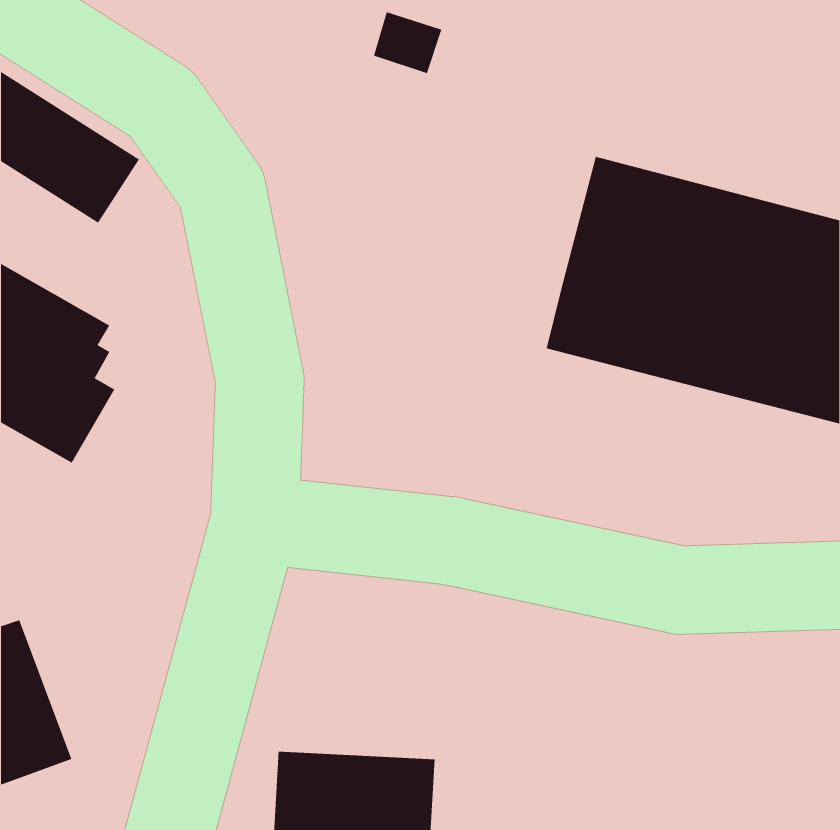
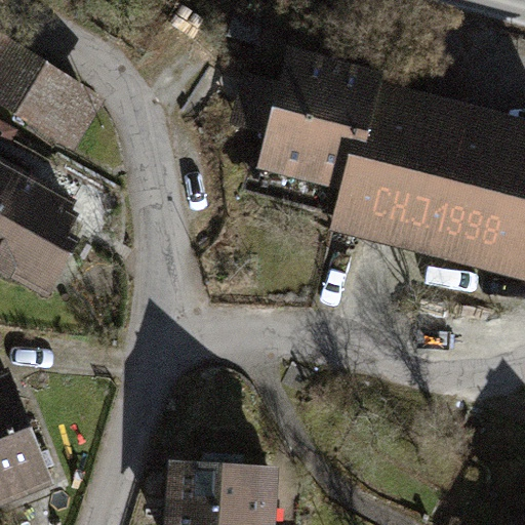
building: none -> [247,65,376,187]

